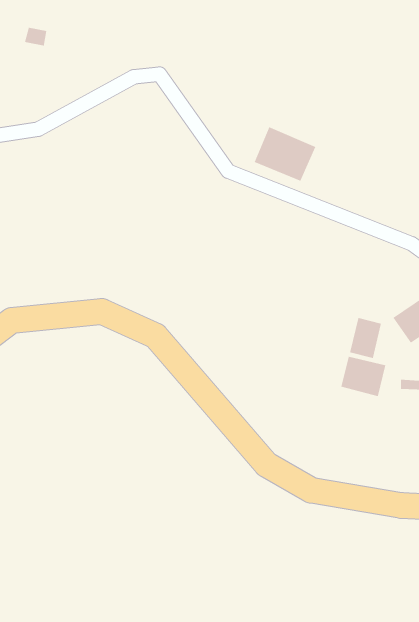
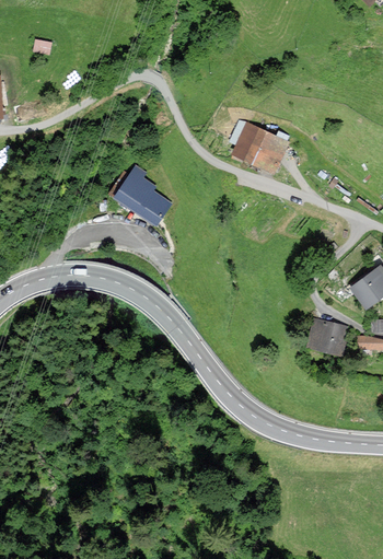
building: none -> [116,168,171,225]
building: [350,317,382,359] -> none

